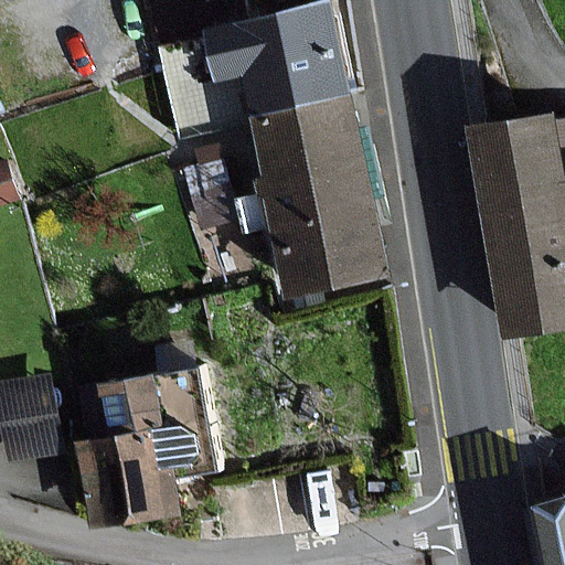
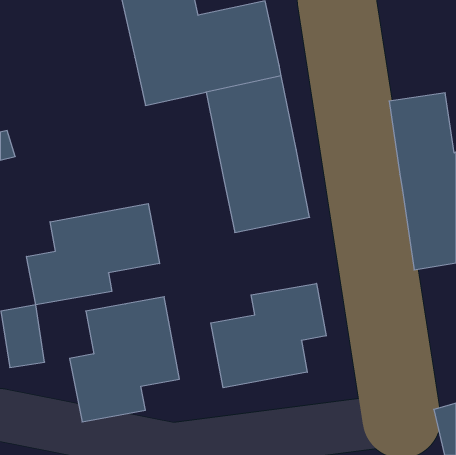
building: none -> [27,204,160,305]
building: none -> [211,283,326,388]

